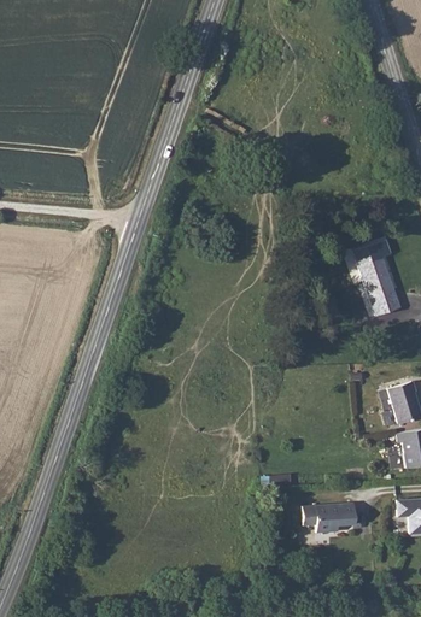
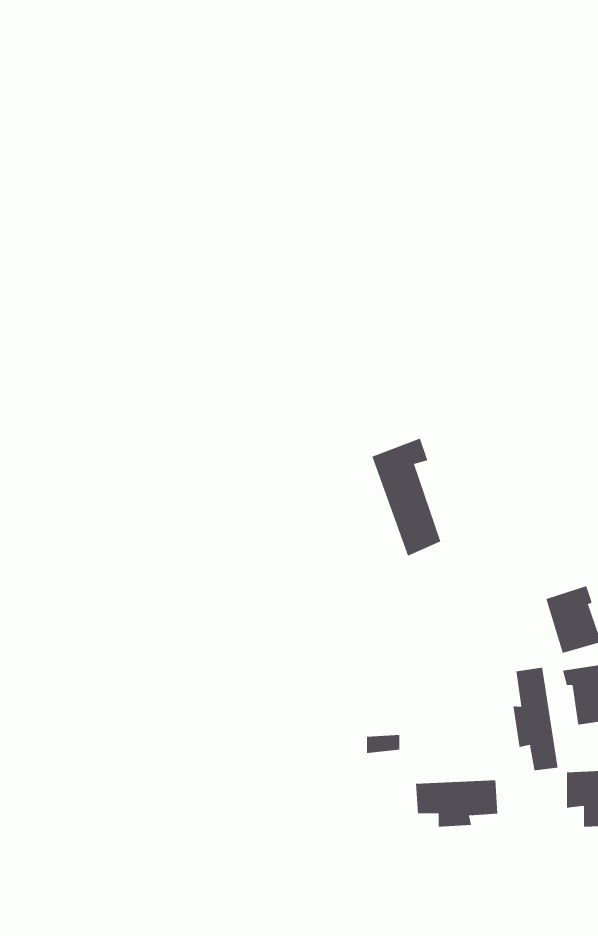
building: [355,239,399,315] -> [372,438,441,557]
building: none -> [513,667,558,771]

